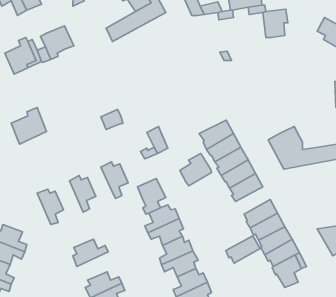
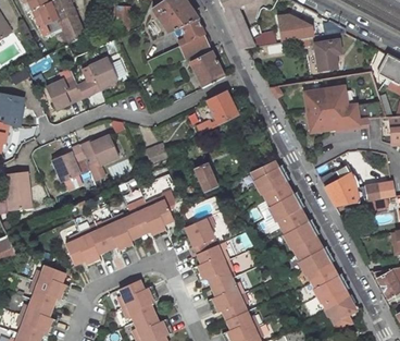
building: none -> [188,51,223,88]
building: none -> [305,85,386,133]
building: none -> [198,90,236,133]
building: none -> [79,133,118,180]
building: [180,153,212,186] -> none
building: none -> [132,205,161,241]
building: none -> [98,219,127,255]
building: none -> [65,232,93,268]
building: [226,236,260,263] -> [286,226,322,254]
building: none -> [121,293,157,322]

